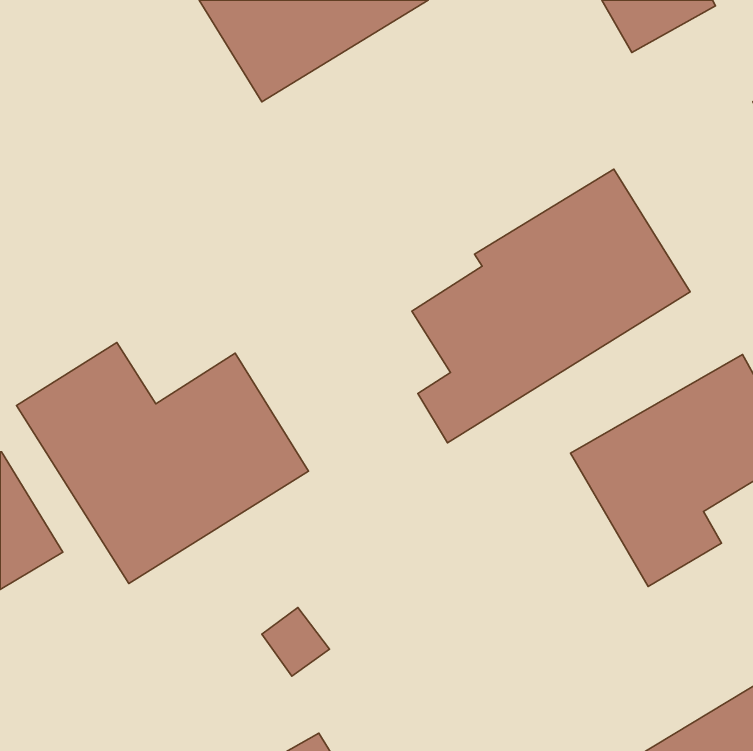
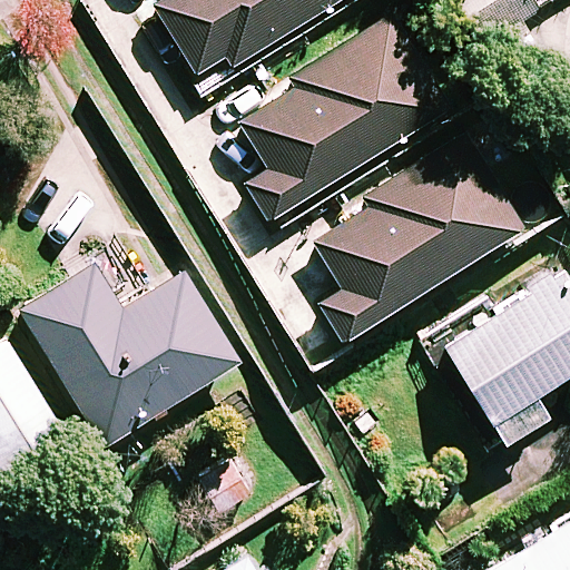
building: none -> [242,17,448,222]

